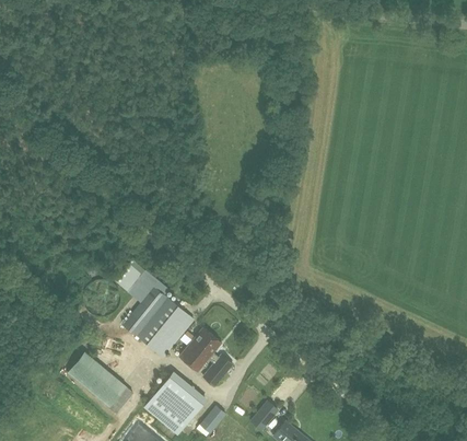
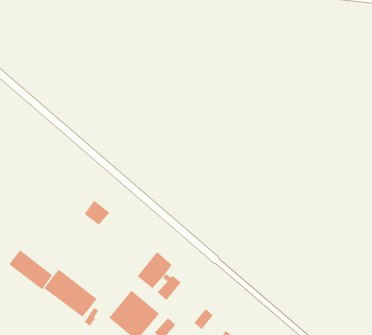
building: [121,286,192,356] -> none
building: none -> [9,249,53,290]

